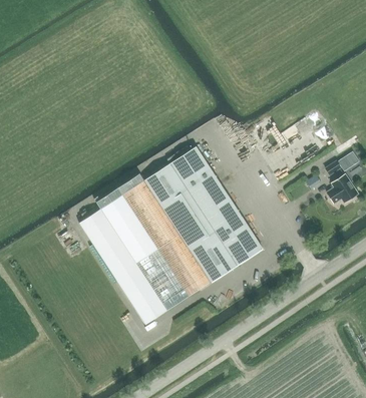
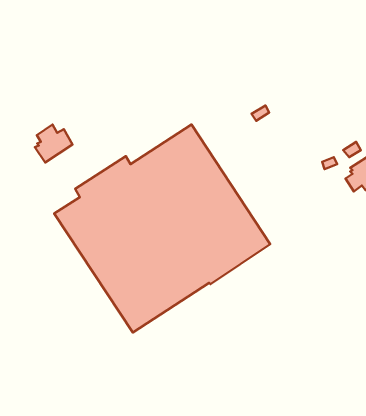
building: none -> [35,125,73,163]

